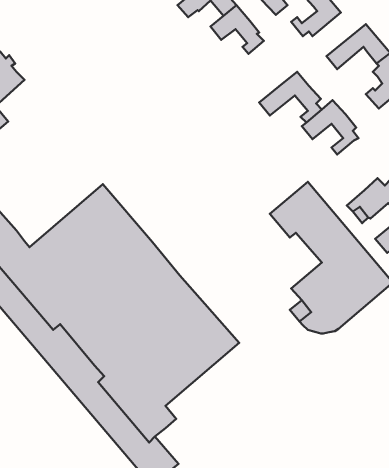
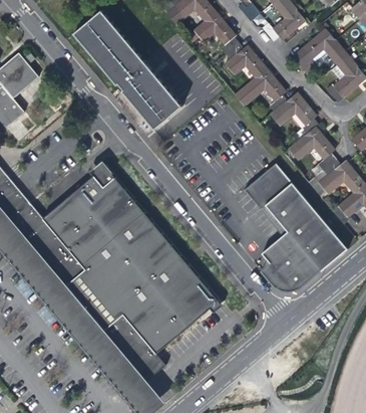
building: none -> [73,14,180,133]
building: none -> [226,42,268,77]
building: none -> [290,127,336,169]

